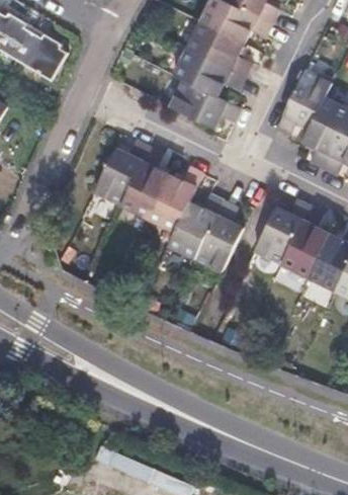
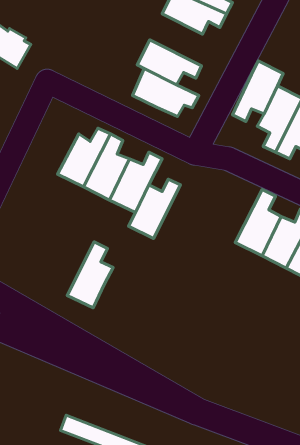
building: [189,21,251,76] -> none
building: [254,200,308,262] -> none
building: [193,201,242,271] -> [67,242,113,308]

